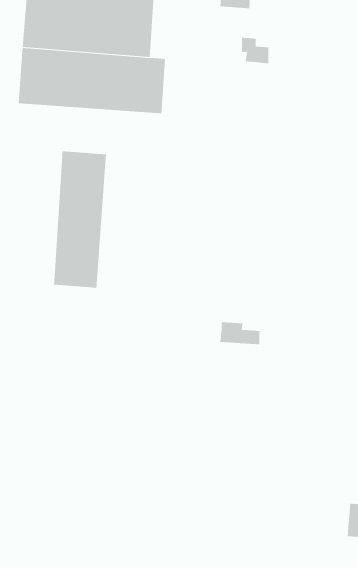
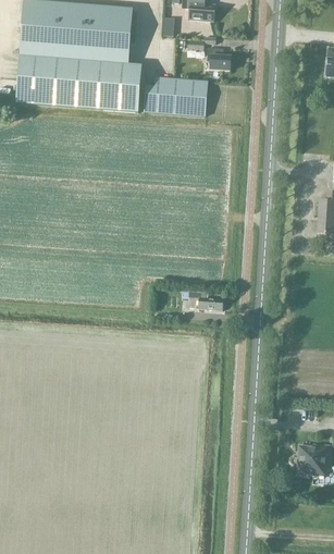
building: none -> [144,75,209,114]
building: [53,151,106,288] -> none

